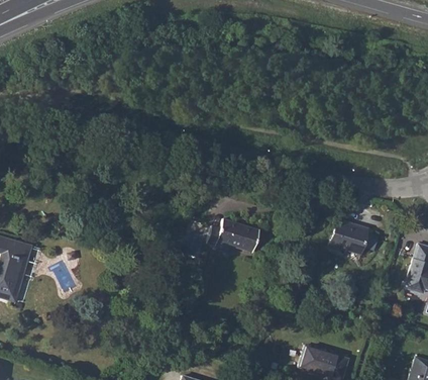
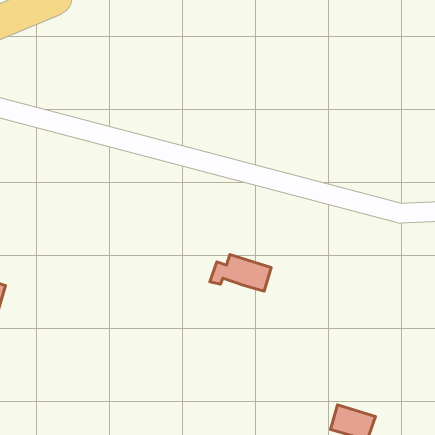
building: [329,219,366,252] -> none

